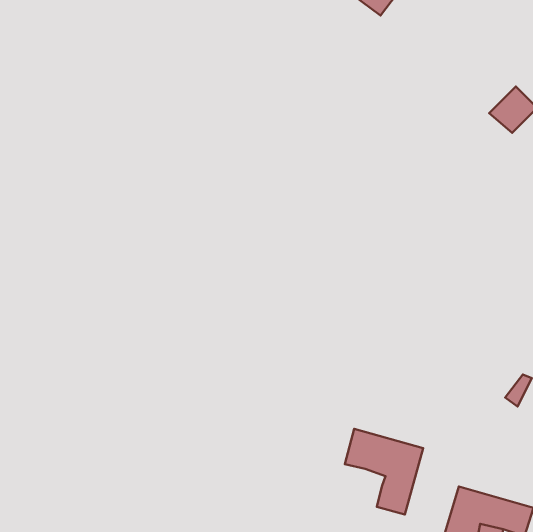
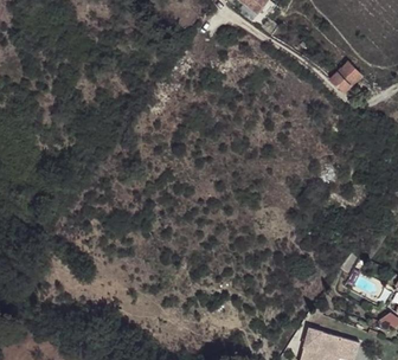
building: [345,429,423,514] -> none

